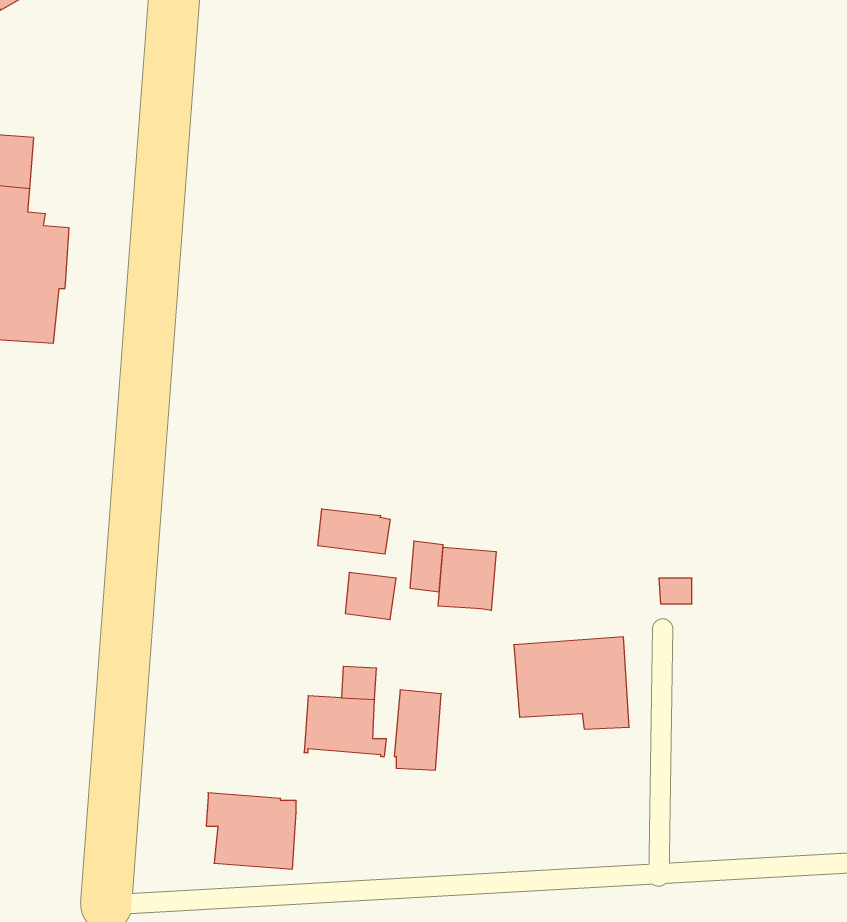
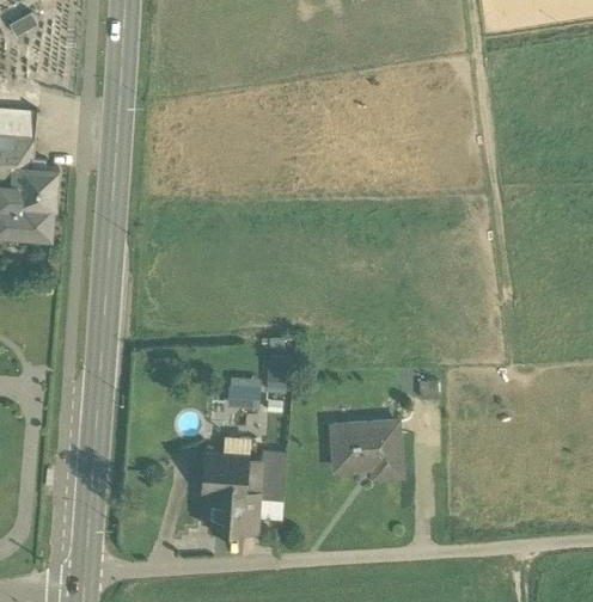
building: [318,509,390,554] -> none
building: [438,547,496,611] -> none
building: [206,793,296,869] -> [203,487,258,534]

